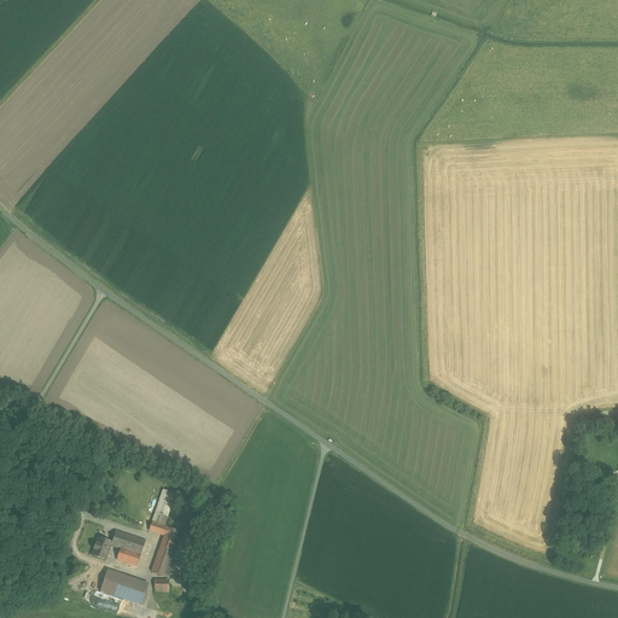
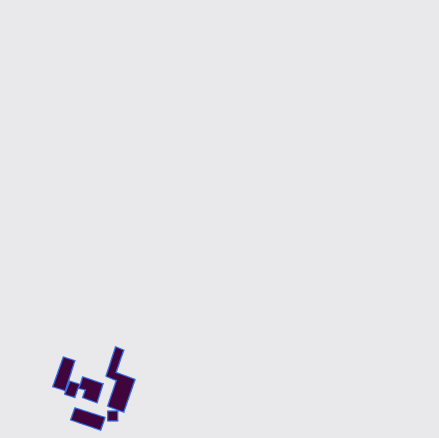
building: none -> [53,357,75,391]

